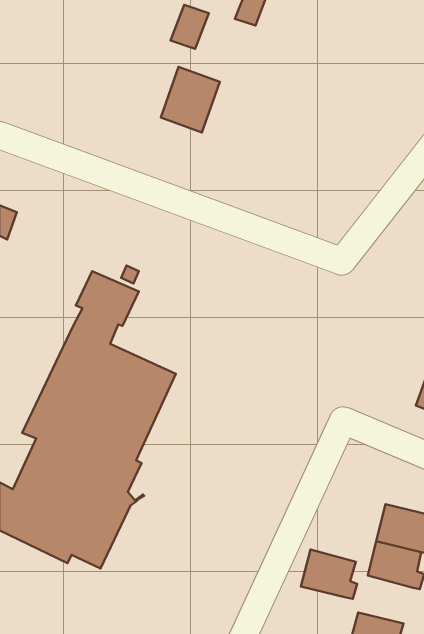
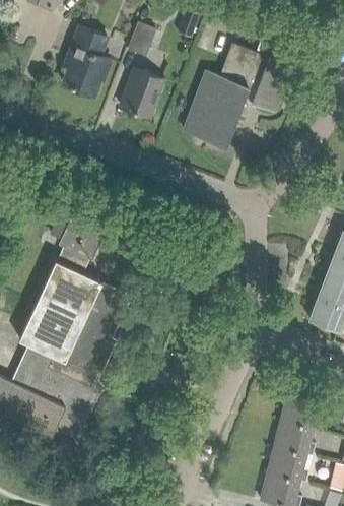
building: none -> [63,26,111,97]
building: none -> [185,44,292,146]
building: [301,550,357,599] -> [267,446,308,483]

